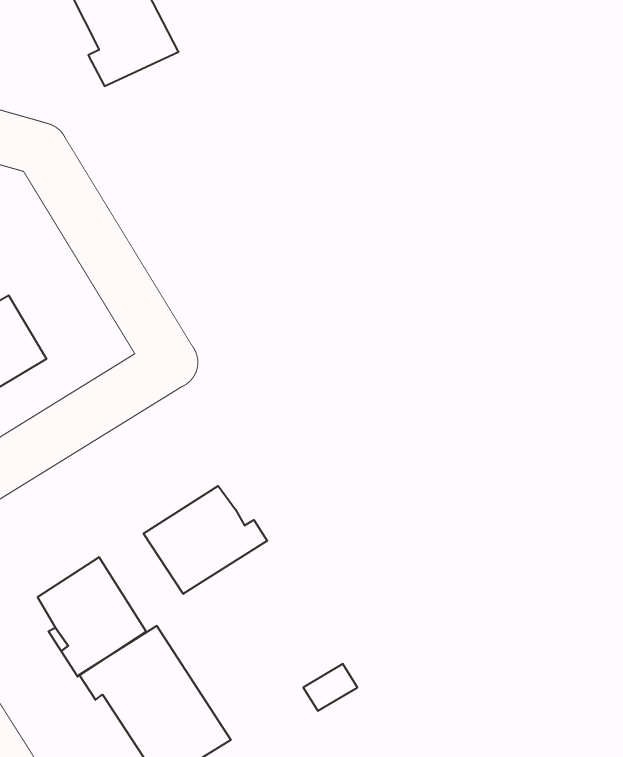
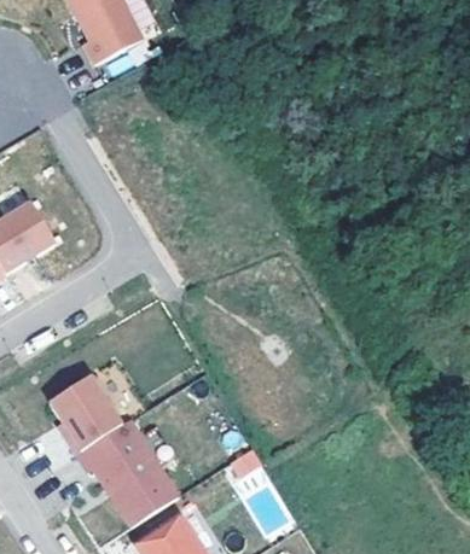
building: [144,486,267,594] -> none

